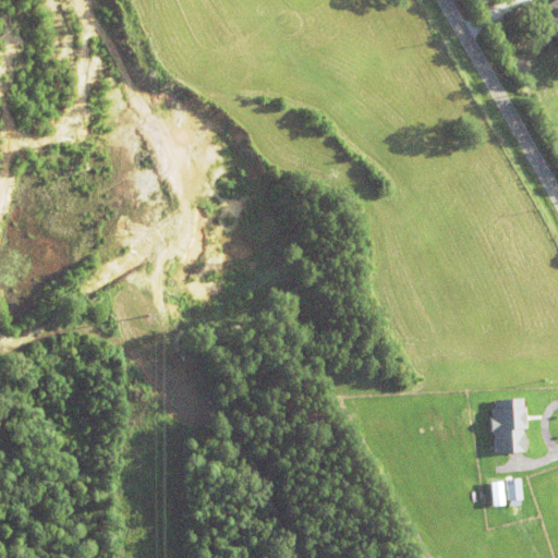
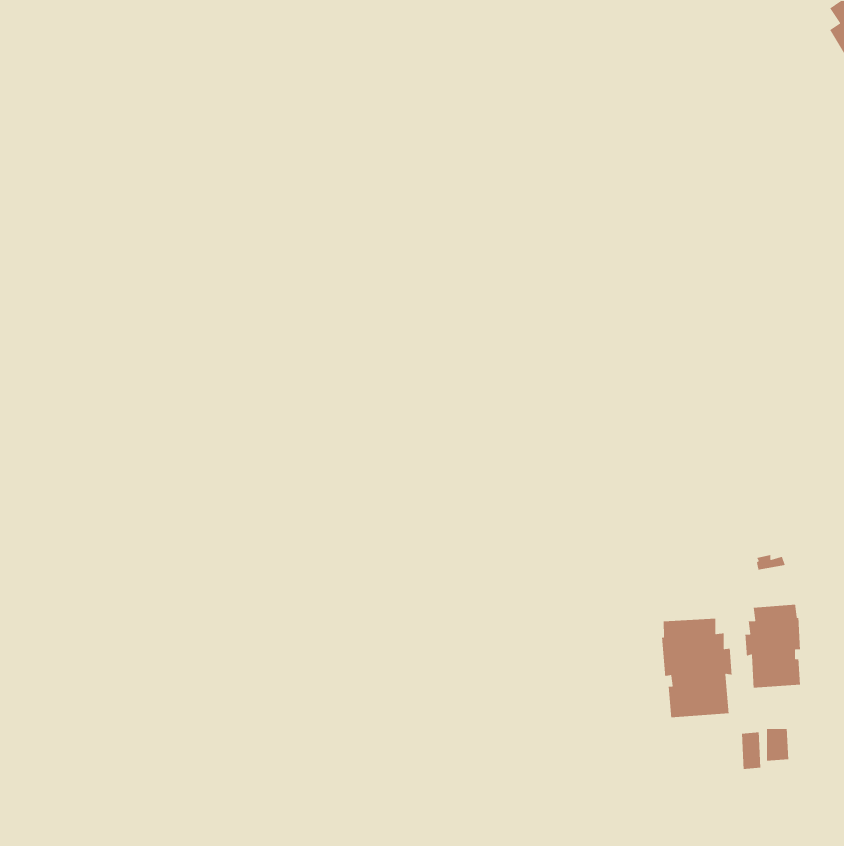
building: none -> [661,618,732,718]

